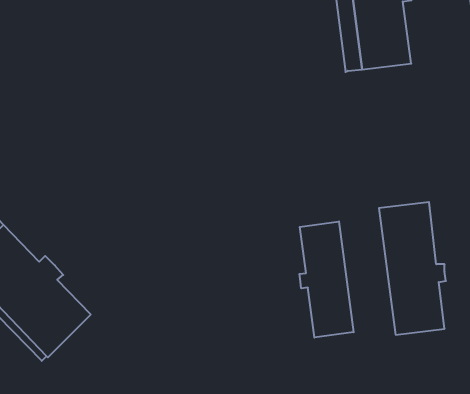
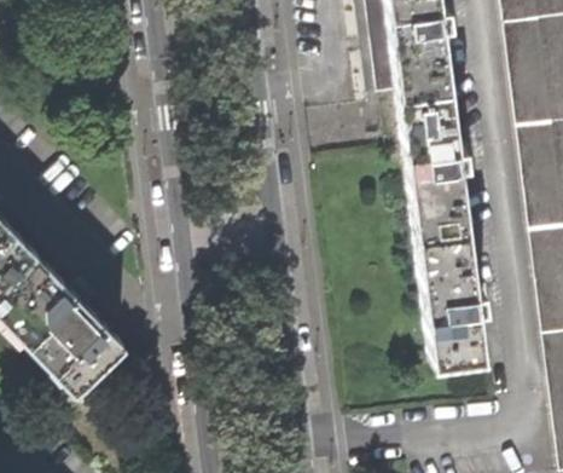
building: none -> [384,92,466,238]
building: [299,221,354,338] -> none

